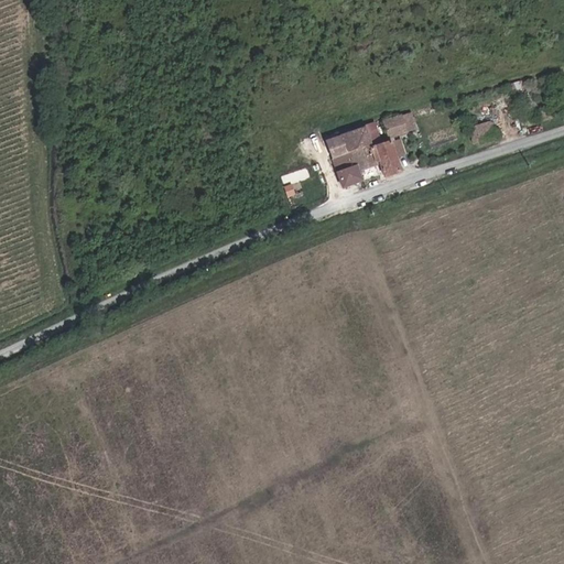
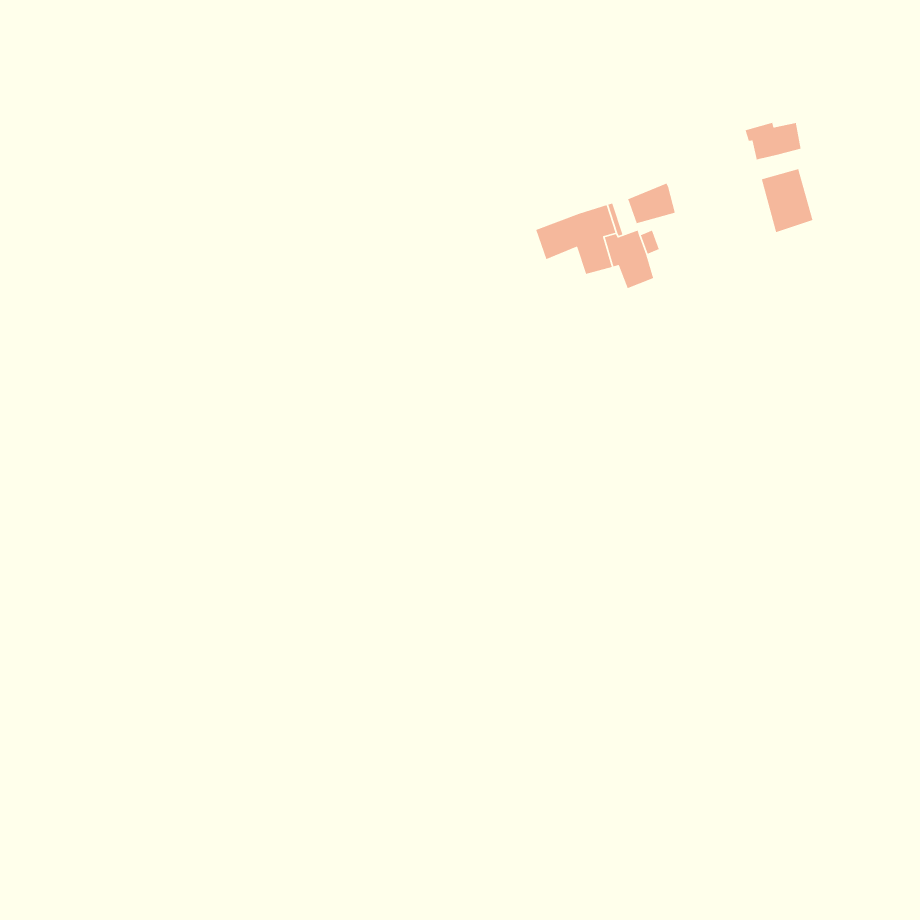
building: none -> [745,122,802,160]
building: [335,151,364,186] -> none

